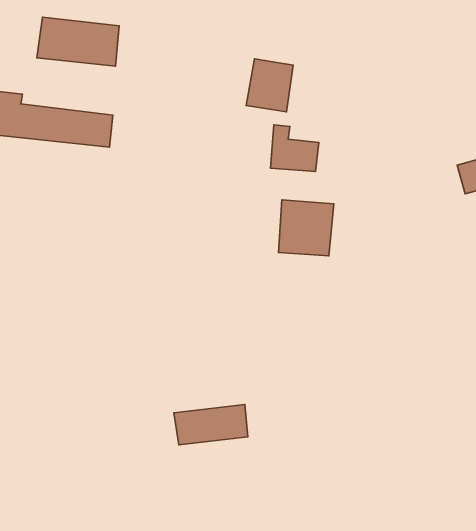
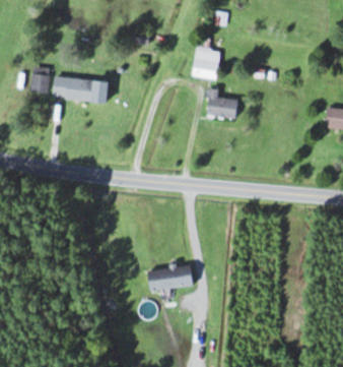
building: [37,17,119,66] -> none
building: [278,200,334,256] -> none

